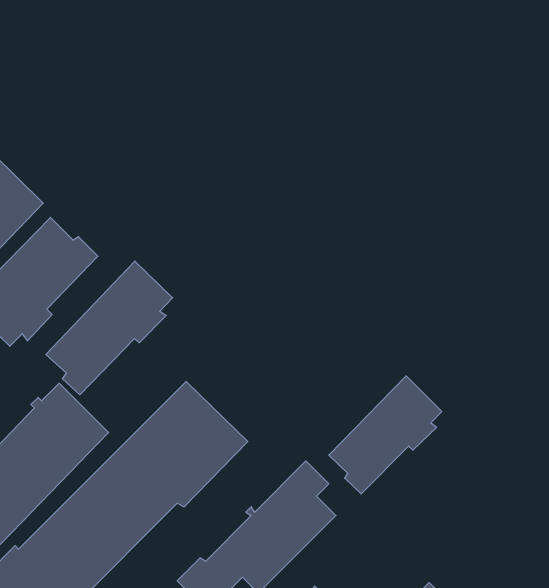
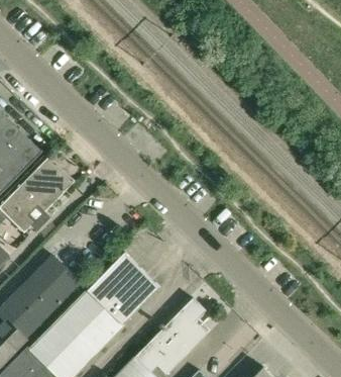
building: [46,261,173,395] -> none
building: [329,376,442,494] -> none

